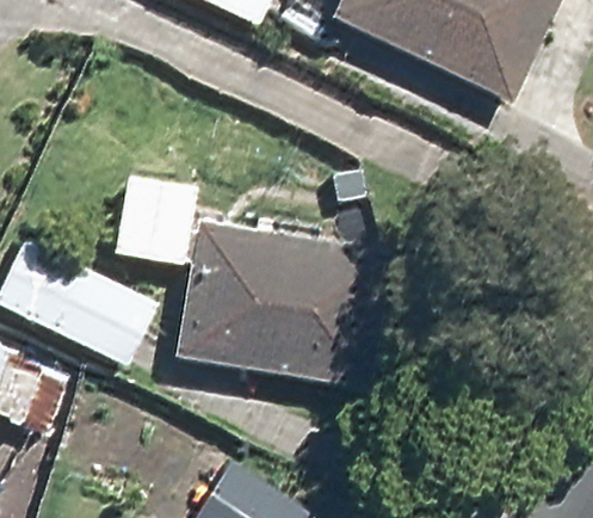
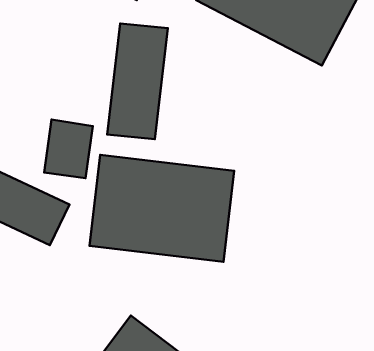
building: none -> [107,23,168,139]

